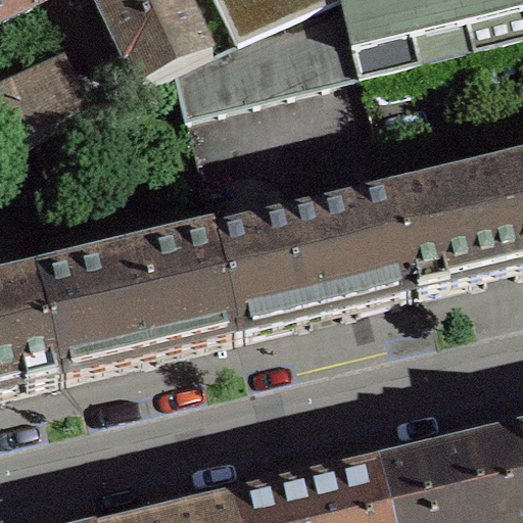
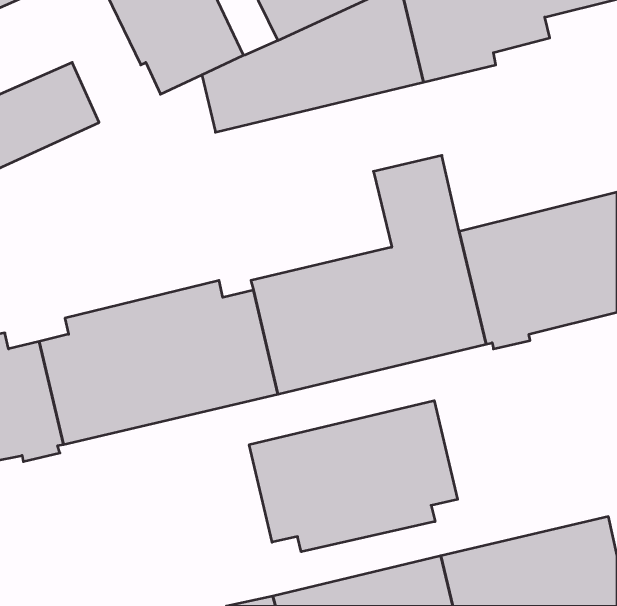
building: none -> [249,401,458,552]

